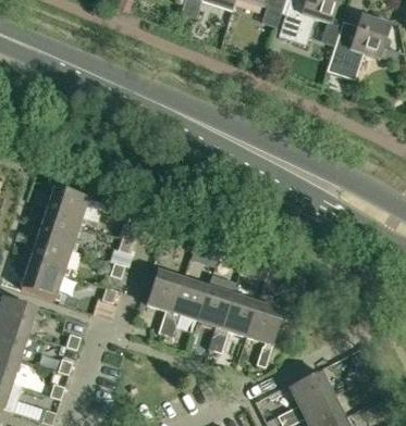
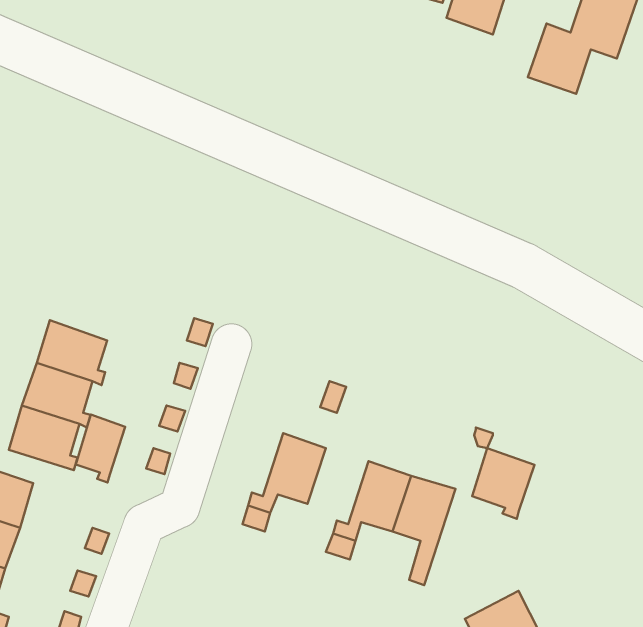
building: [46,185,88,223] -> none
building: none -> [76,415,125,483]
building: [147,268,183,313] -> none
building: [197,285,233,329] -> none
building: none -> [472,448,534,519]

